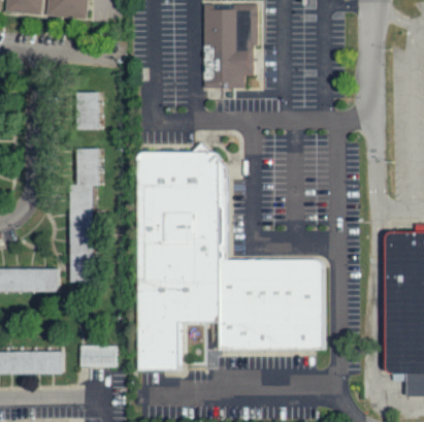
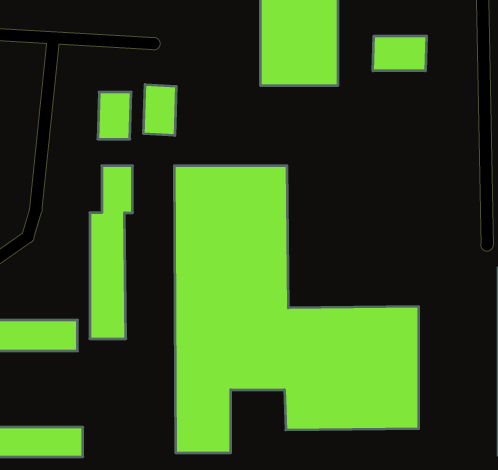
building: none -> [373,36,427,71]
building: none -> [144,84,176,136]
building: [79,346,117,367] -> none

